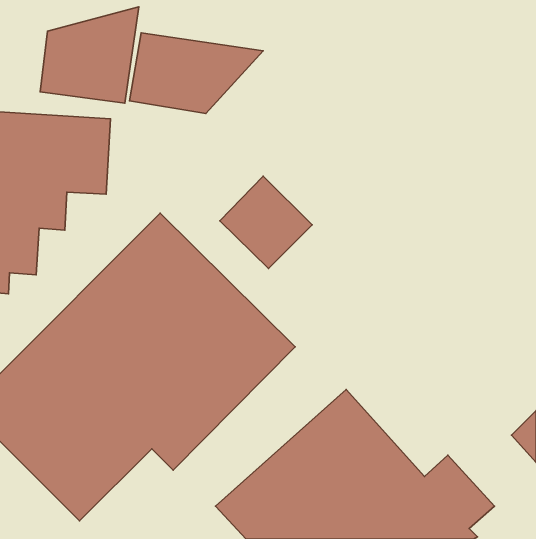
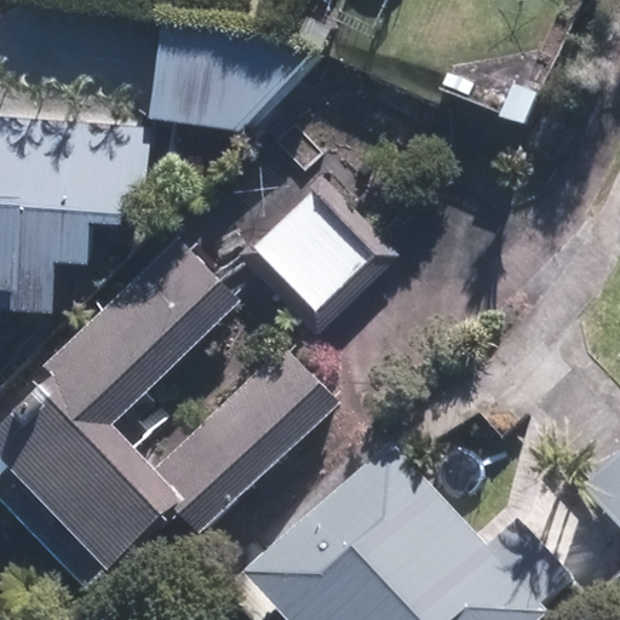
building: [40,7,139,103] -> none

